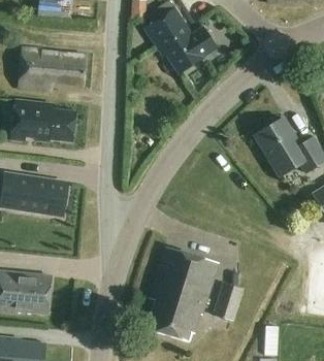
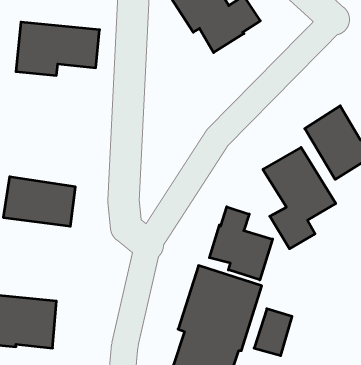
building: [11,100,76,142] -> none
building: none -> [263,147,336,249]
building: none -> [209,207,273,280]

